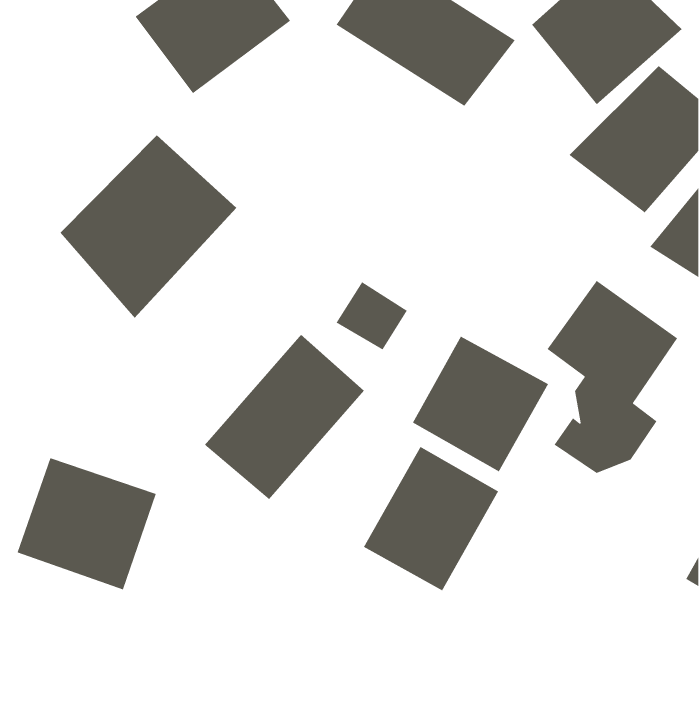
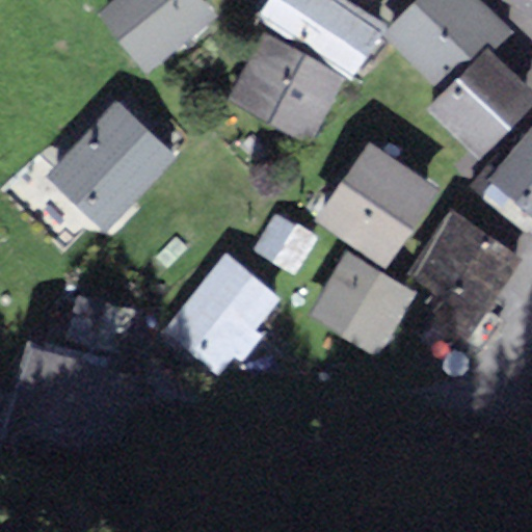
building: none -> [229,41,343,144]
building: none -> [317,137,450,271]
building: [363,446,499,591] -> none

